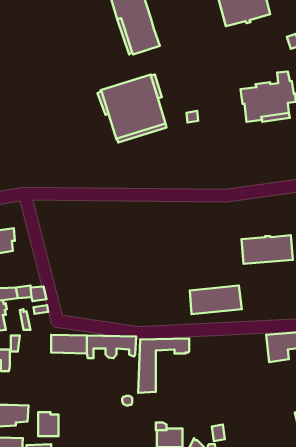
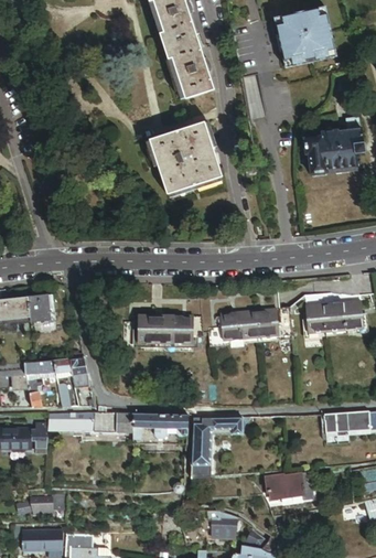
building: none -> [137,314,193,342]
building: [190,286,242,314] -> [221,308,279,340]
building: none -> [60,411,93,431]
building: none -> [266,471,314,497]
building: [38,412,58,436] -> none

